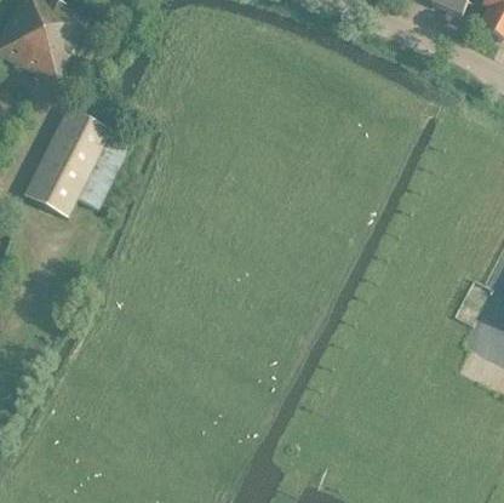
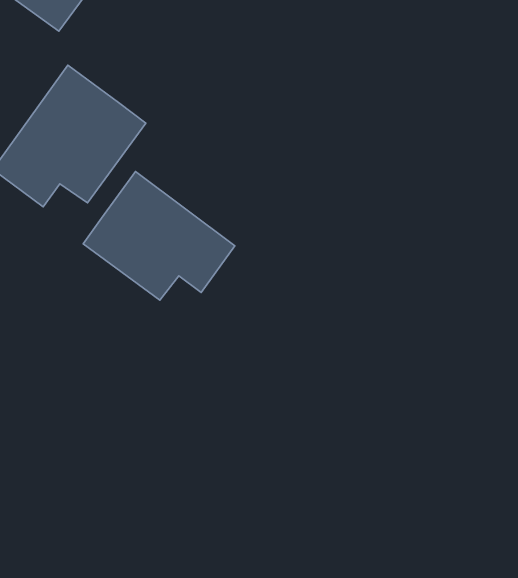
building: none -> [83,172,235,300]

